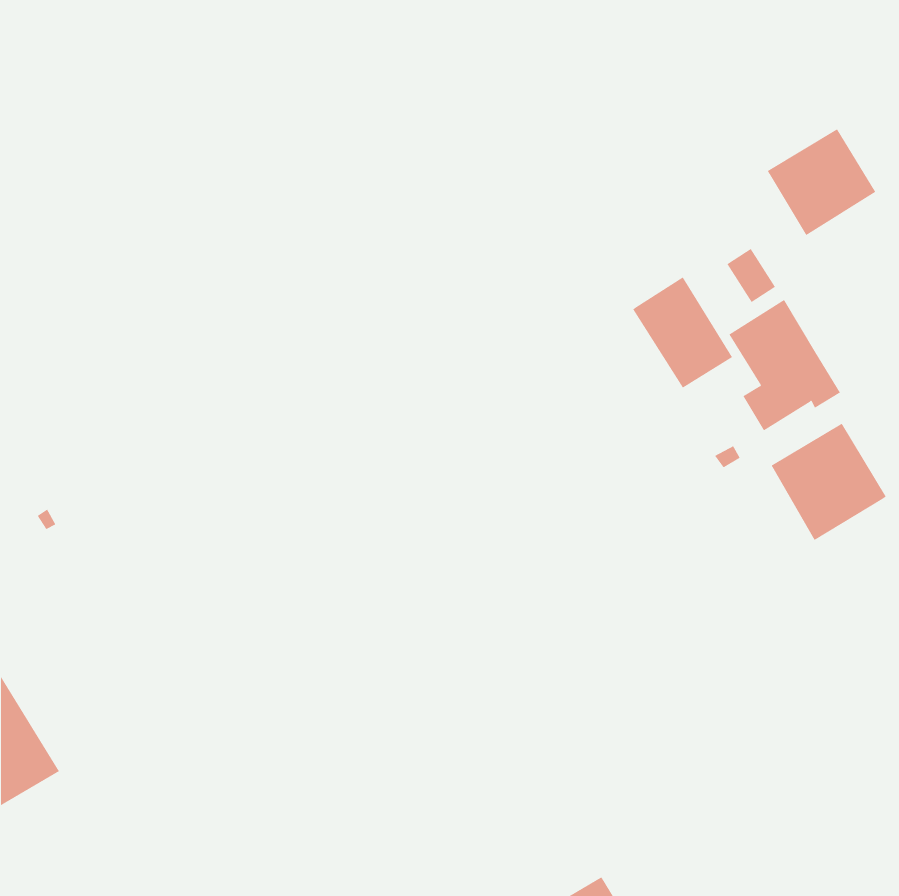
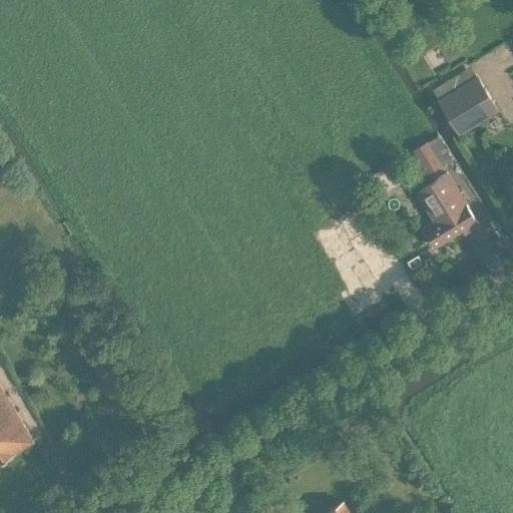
building: [632,276,733,389] -> none
building: [771,423,887,541] -> none

